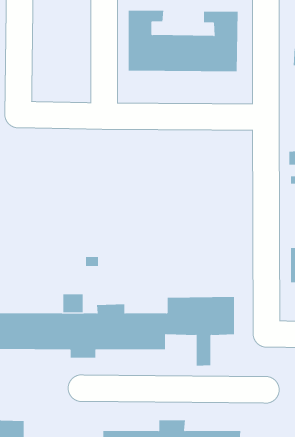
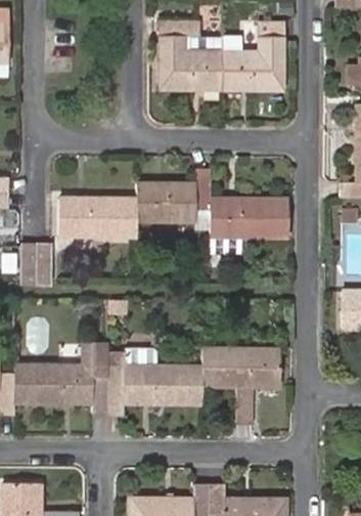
building: none -> [60,170,287,240]
building: none -> [20,243,53,282]

